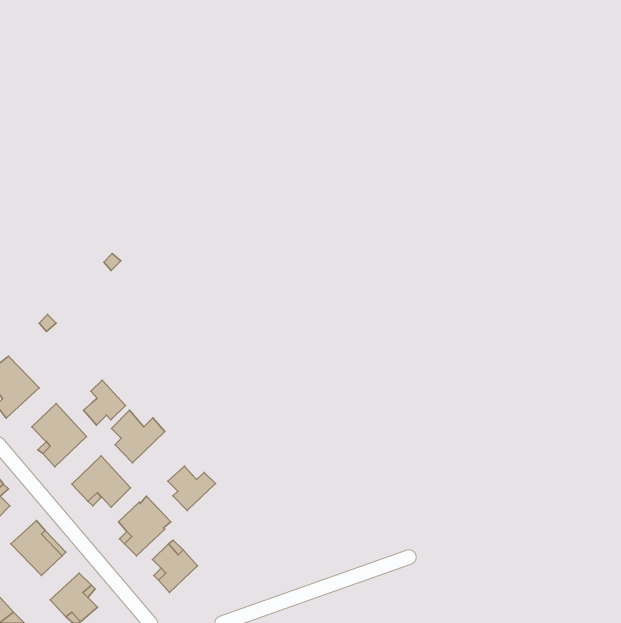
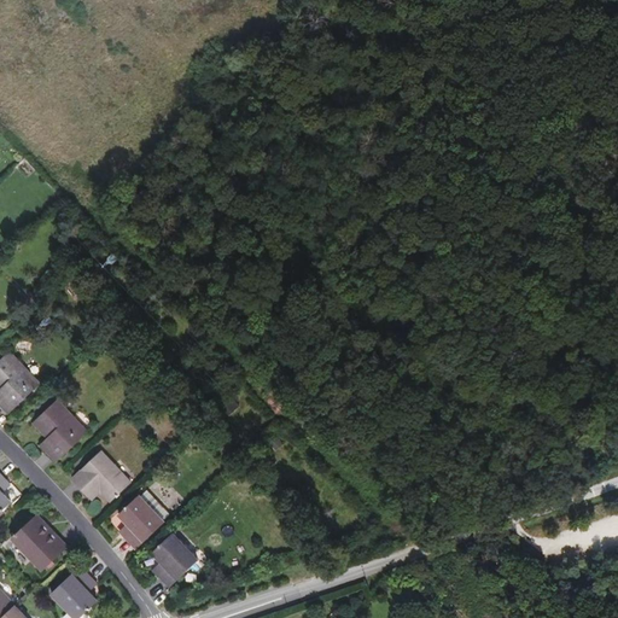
building: [83,380,126,425] -> none
building: [112,410,165,463] -> none
building: [168,466,215,510] -> none

